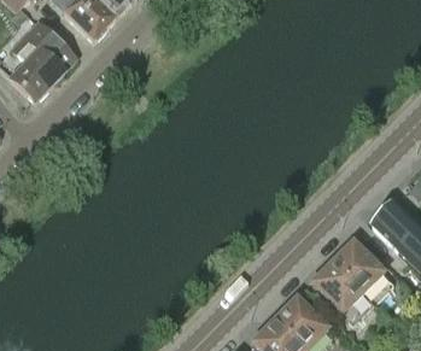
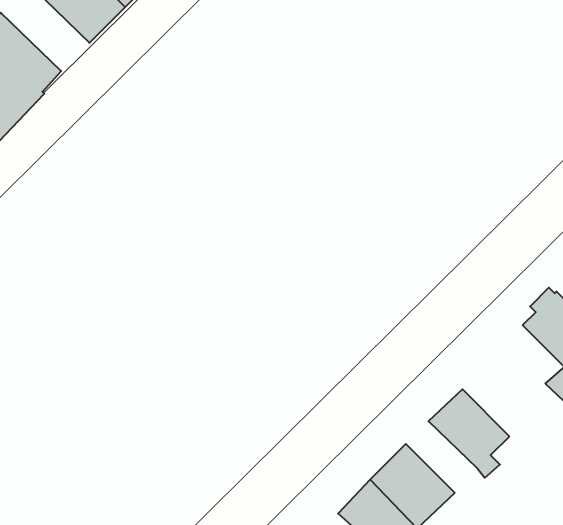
building: [333,242,384,293] -> none

